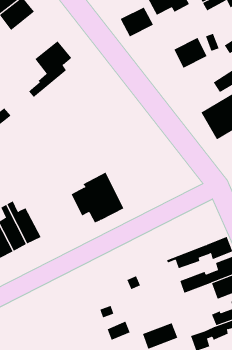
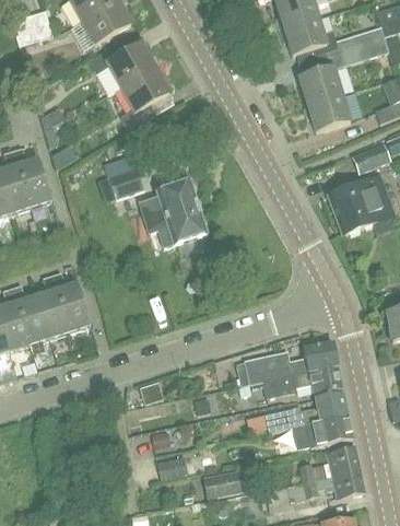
building: [120,7,154,37] -> [297,67,341,104]
building: none -> [90,42,154,86]
building: none -> [108,162,143,198]
building: [71,172,124,223] -> [138,180,205,246]
building: none -> [244,340,337,384]

